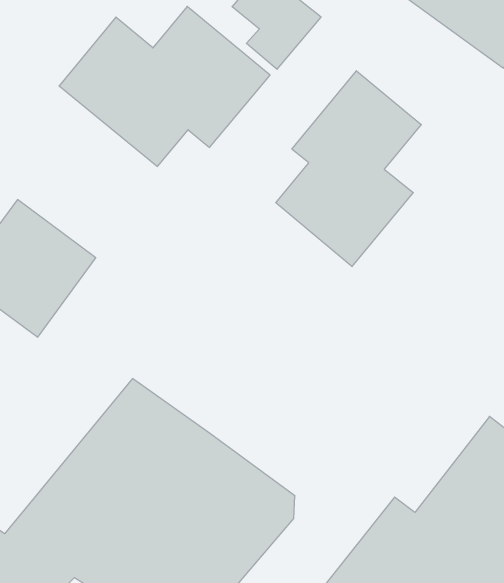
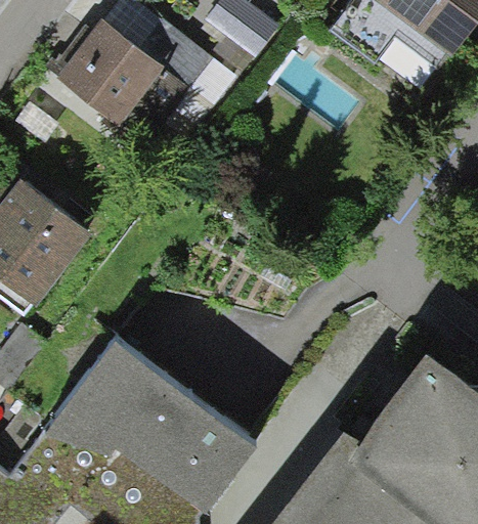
building: [276,71,421,267] -> none

